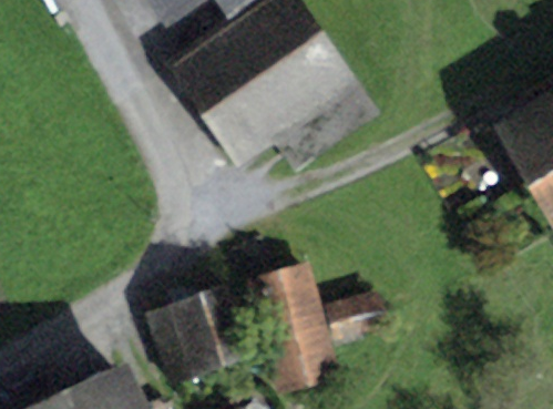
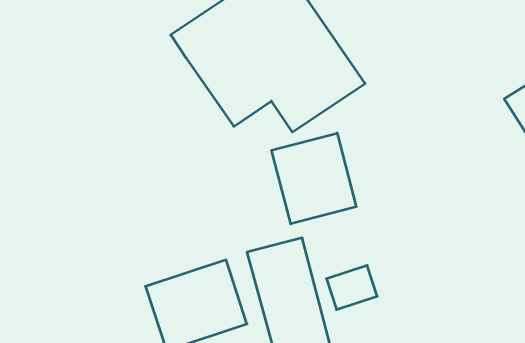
building: none -> [272,133,356,224]

